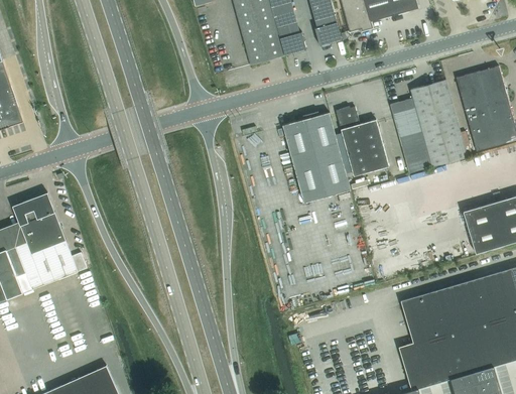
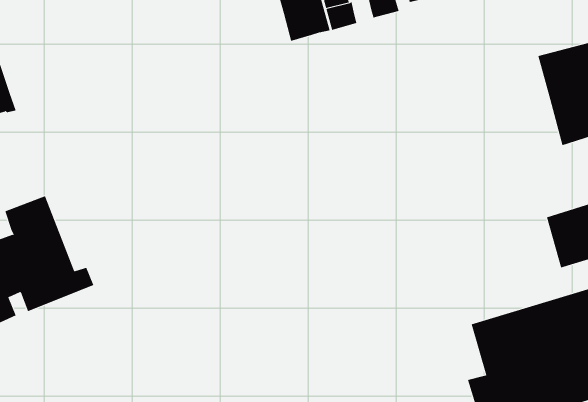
building: [390,80,468,172] -> none
building: [336,106,389,176] -> none
building: [283,112,351,203] -> none

